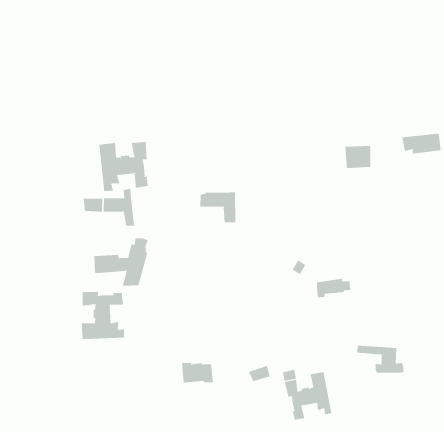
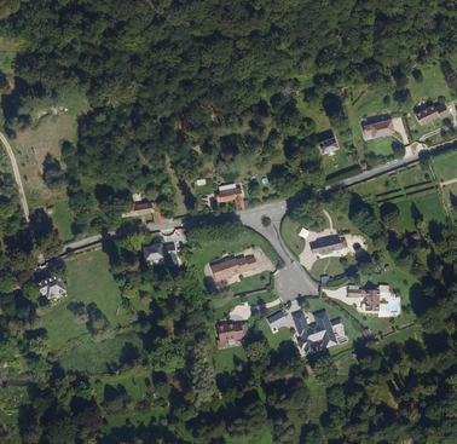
building: [99,141,148,192] -> none
building: none -> [215,254,262,276]
building: [81,291,125,340] -> none

